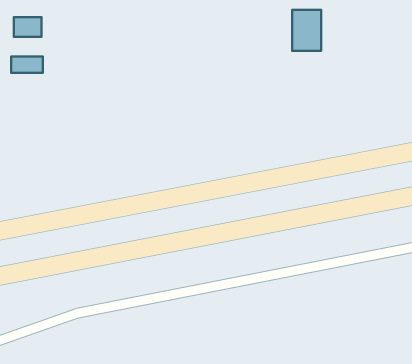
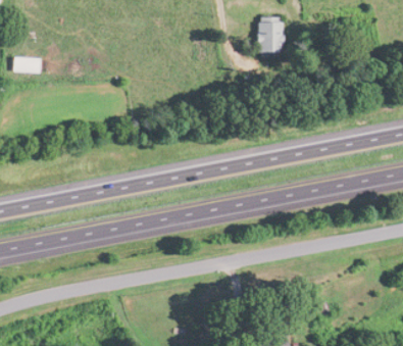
building: [14,17,42,37] -> none

